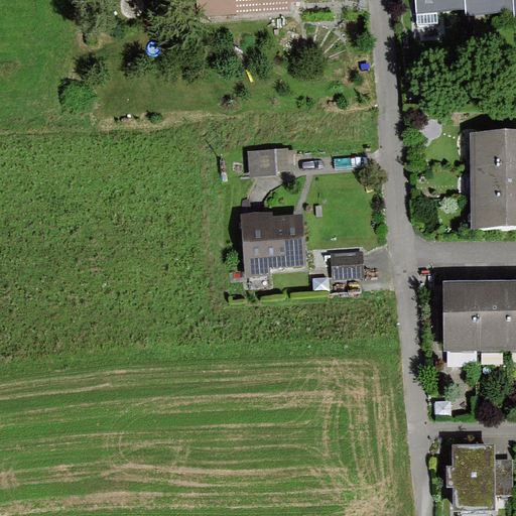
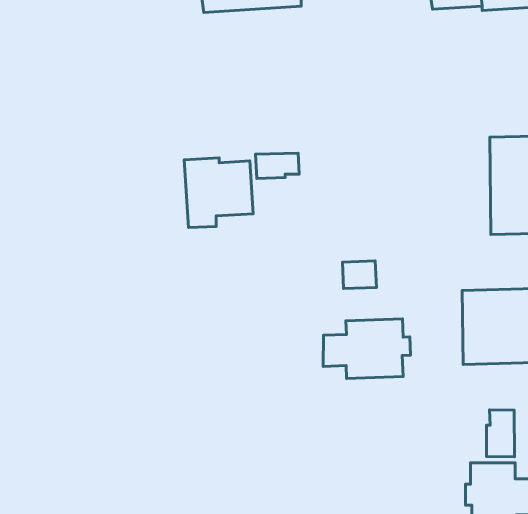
building: [240,212,305,278] -> [184,158,253,227]
building: none -> [323,319,410,378]
building: none -> [487,410,515,457]

